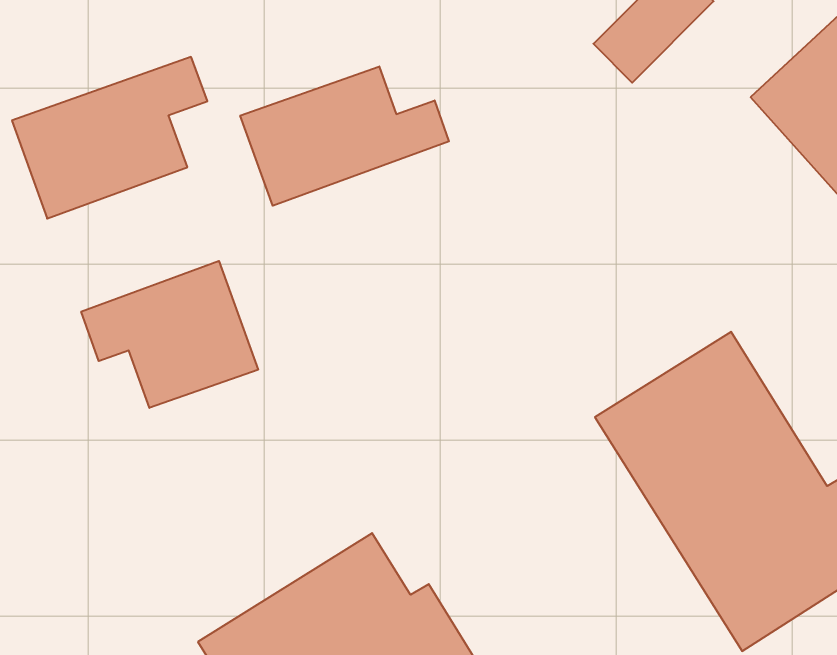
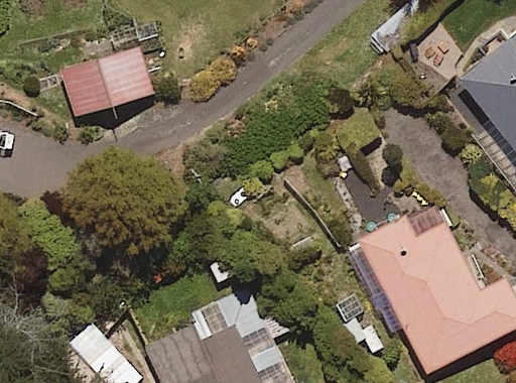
building: [240,66,449,206] -> none
building: [81,261,258,408] -> none

